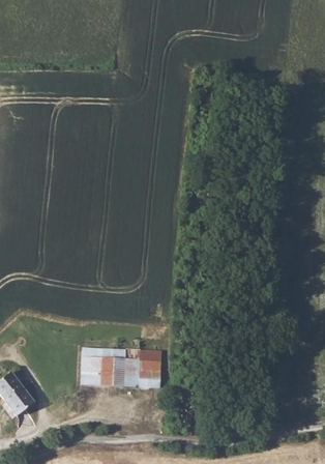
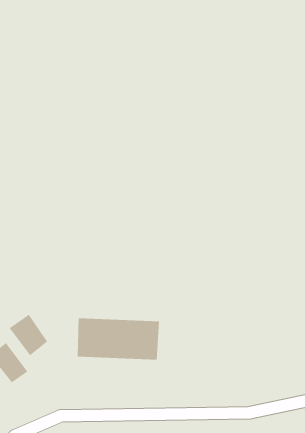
building: none -> [9,314,48,356]

